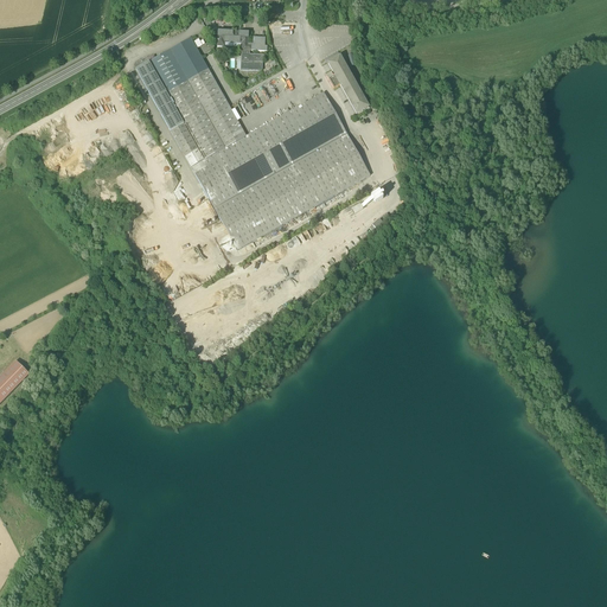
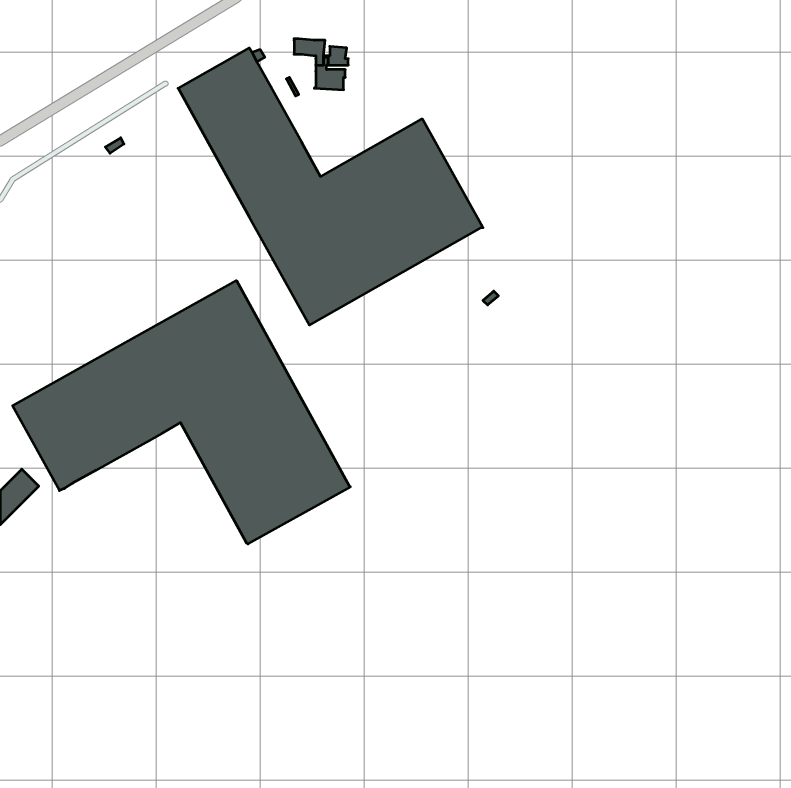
building: [327,55,369,113] -> none
building: none -> [13,281,350,544]

